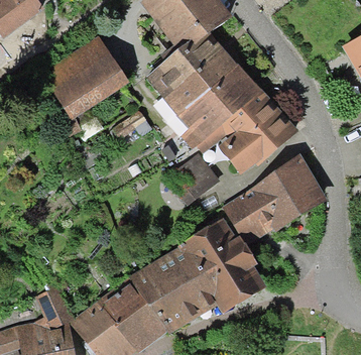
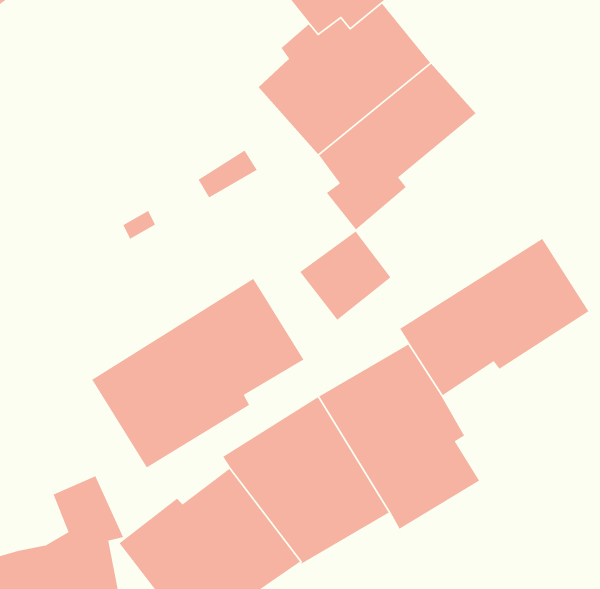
building: [43,37,128,120] -> none
building: [219,92,297,174] -> none
building: none -> [91,278,304,469]

